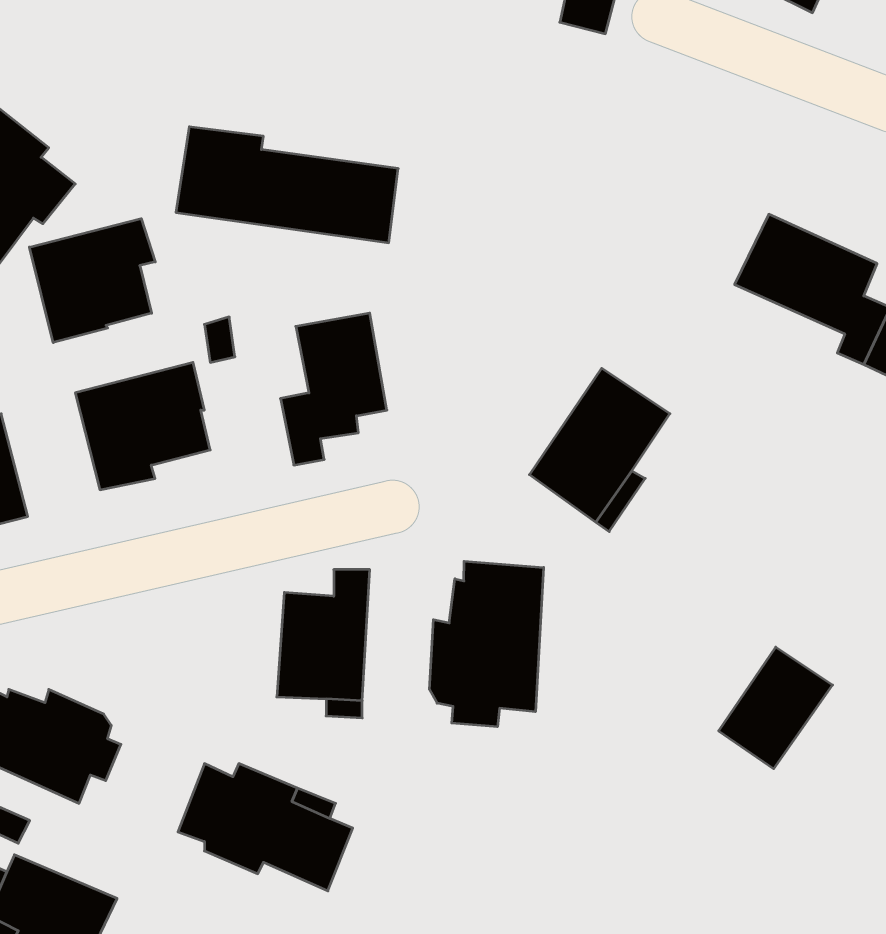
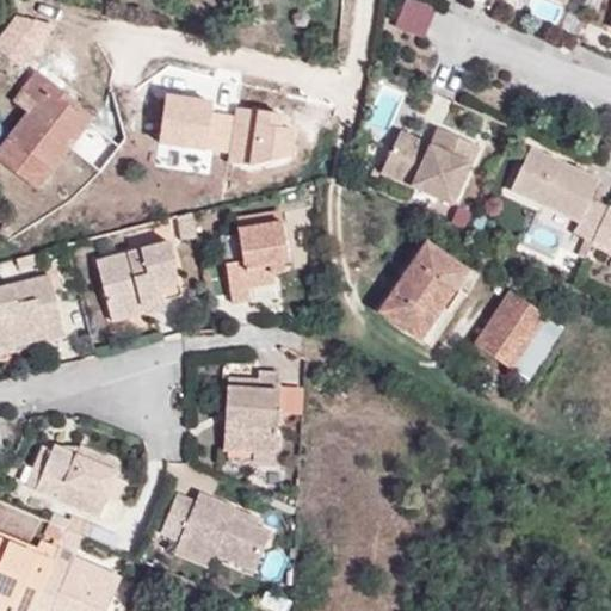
building: none -> [379,128,477,204]
building: [29,219,155,343] -> none
building: [429,561,544,727] -> none
building: [719,647,833,769] -> [475,292,547,369]

